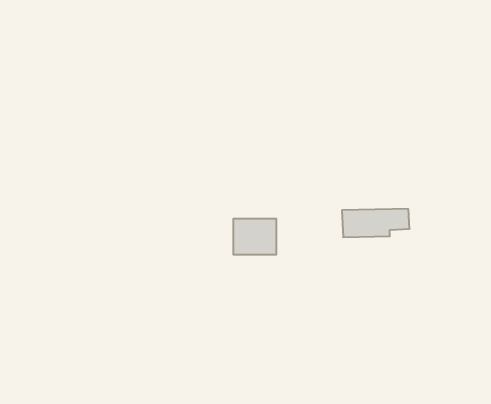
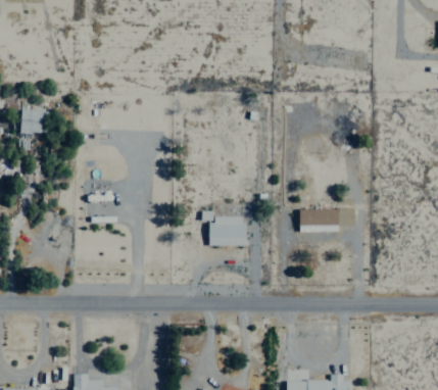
building: none -> [21,109,44,133]

